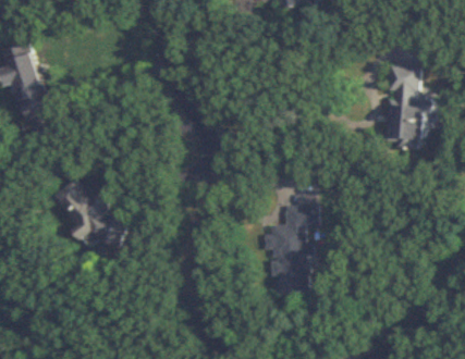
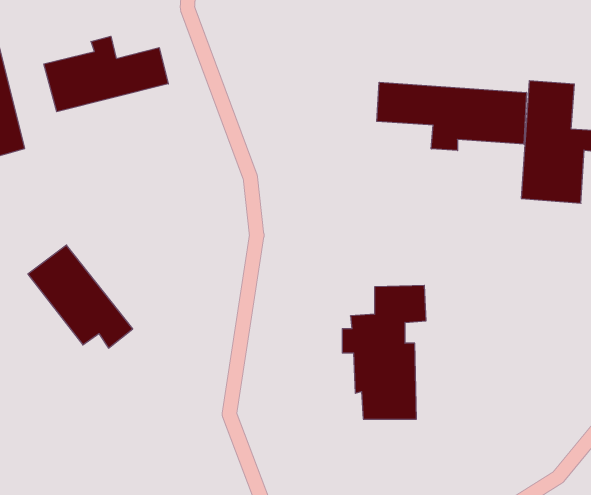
building: none -> [44,36,168,112]
building: none -> [377,82,527,151]

